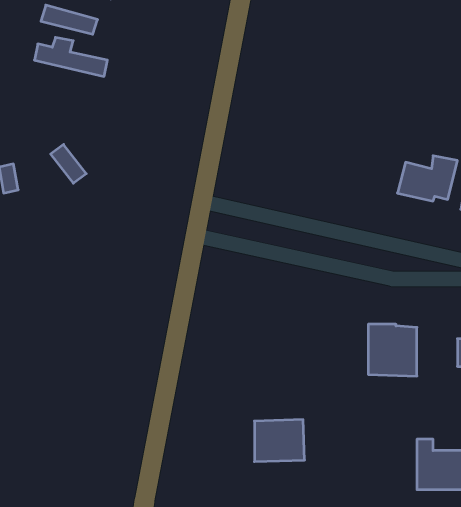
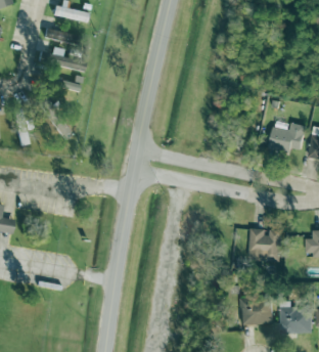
building: [254,420,305,462] -> [242,298,274,324]

